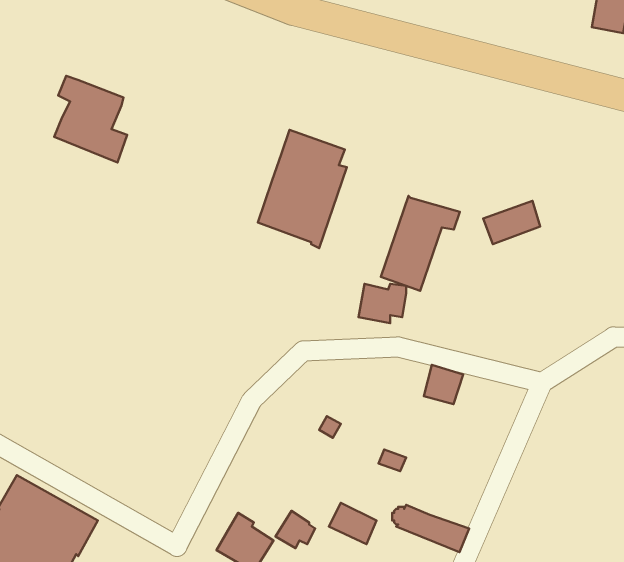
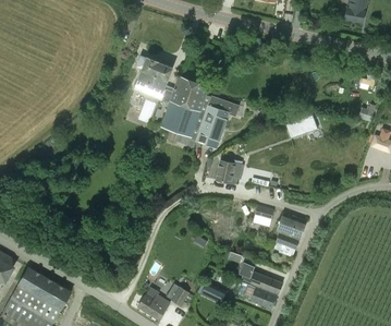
building: [54,76,127,163] -> [134,56,174,104]
building: [381,196,460,291] -> [195,96,239,148]
building: none -> [277,212,306,257]
building: none -> [239,263,282,293]

